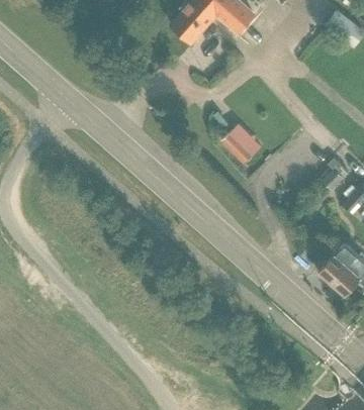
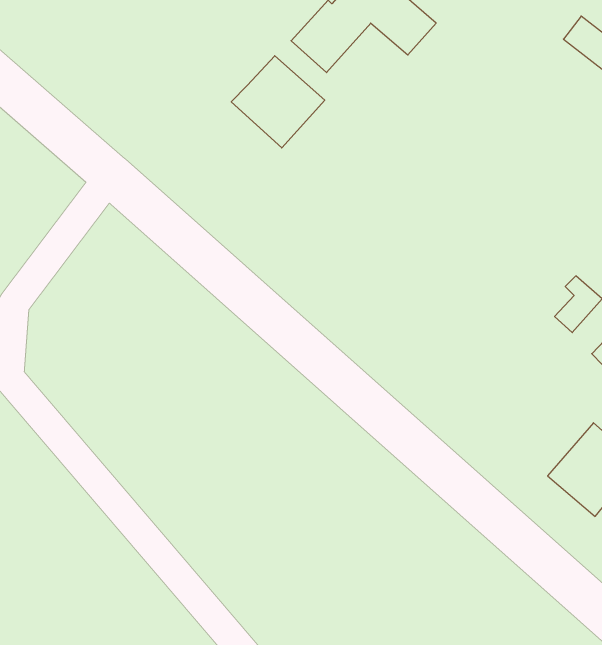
building: none -> [231,56,325,148]
building: [221,126,263,166] -> none

